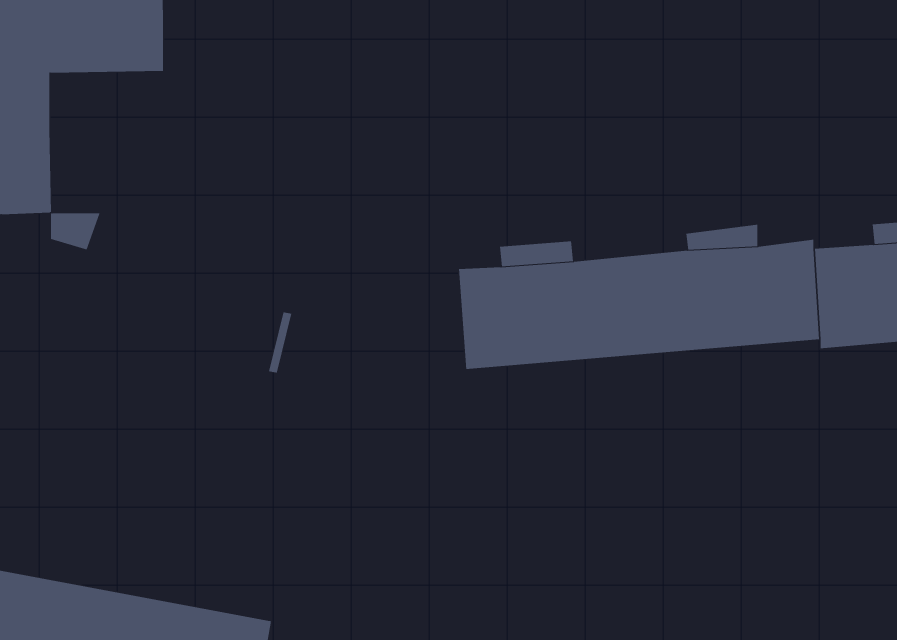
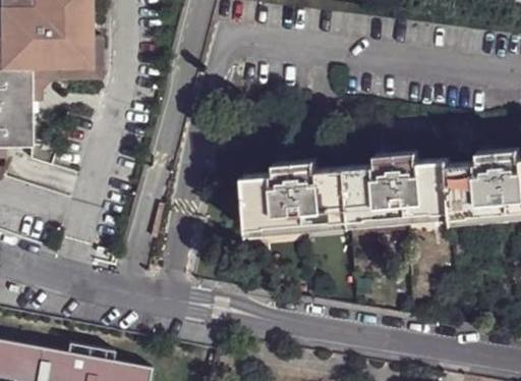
building: none -> [30,37,101,100]

